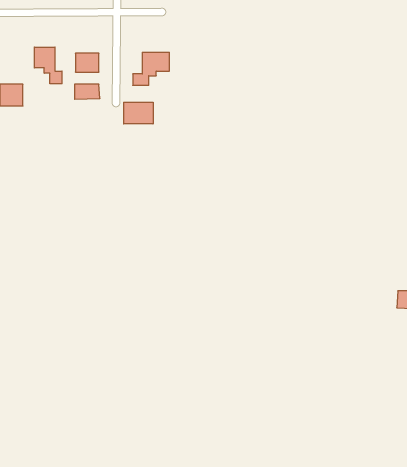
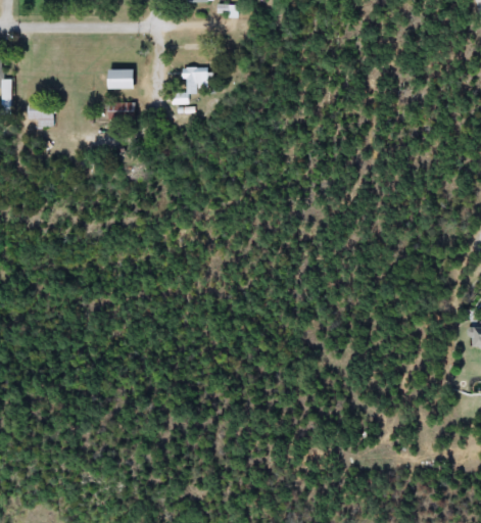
building: [34,47,62,84] -> none
building: [124,102,153,124] -> none

